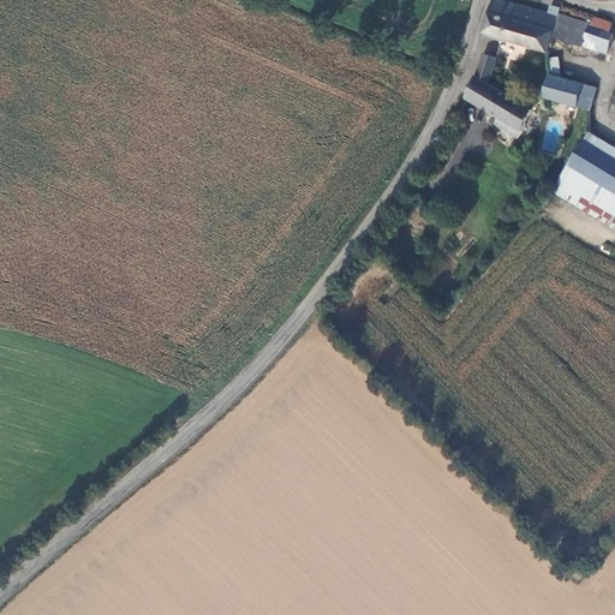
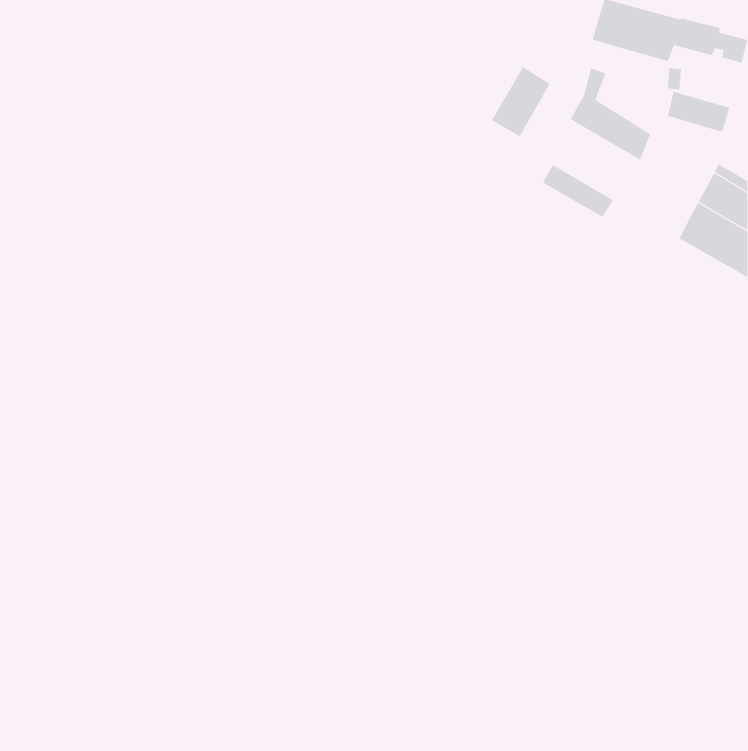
building: none -> [491,66,550,137]
building: none -> [542,164,614,217]

